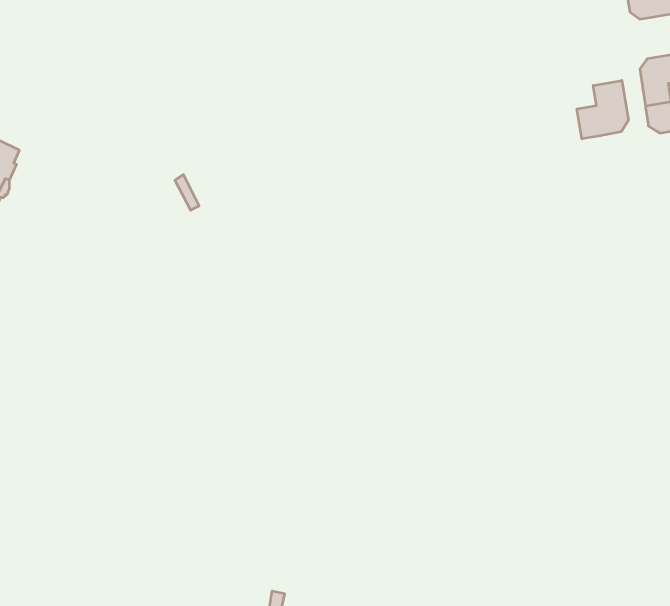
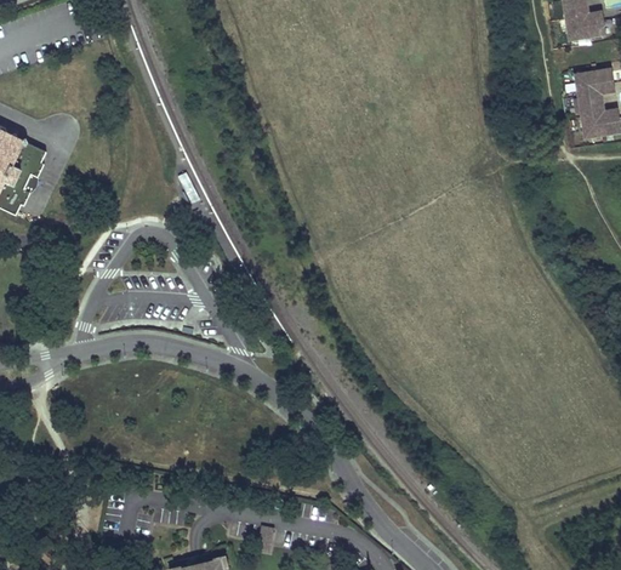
building: [577,80,628,139] -> none

